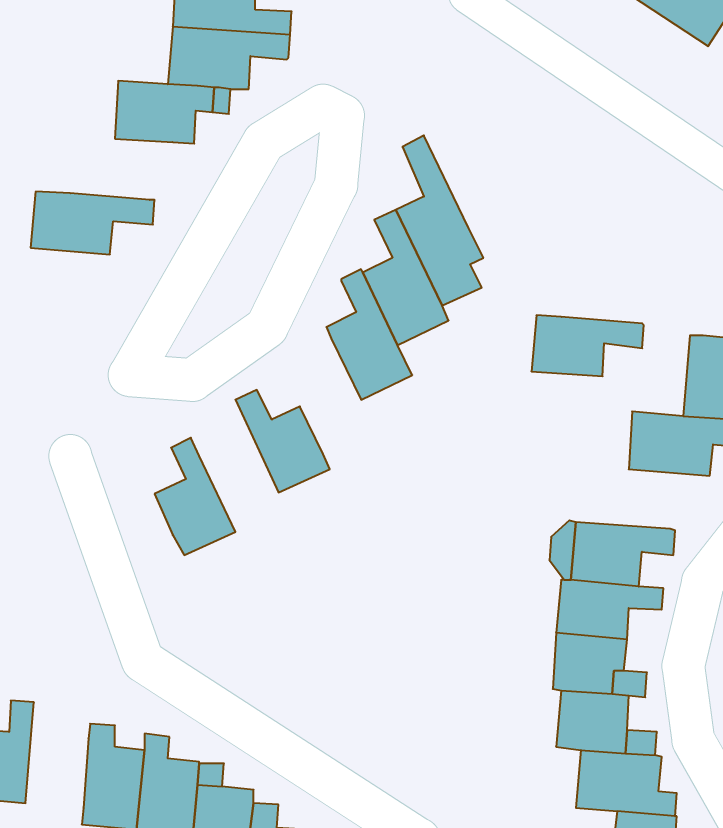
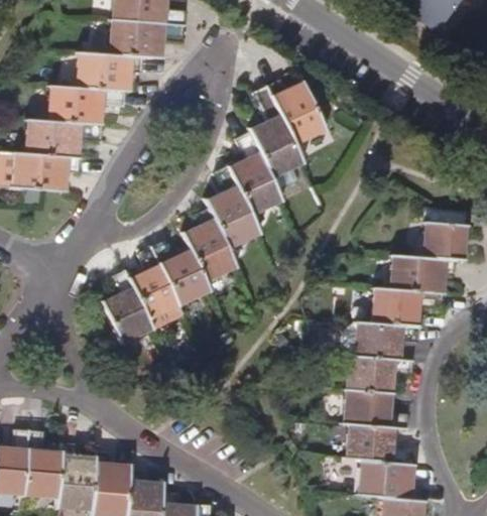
building: none -> [266,79,325,142]
building: none -> [50,86,113,125]
building: none -> [13,153,79,192]
building: [531,315,644,376] -> [373,288,442,326]
building: none -> [182,210,236,280]
building: none -> [129,247,184,330]
building: none -> [23,431,62,496]

